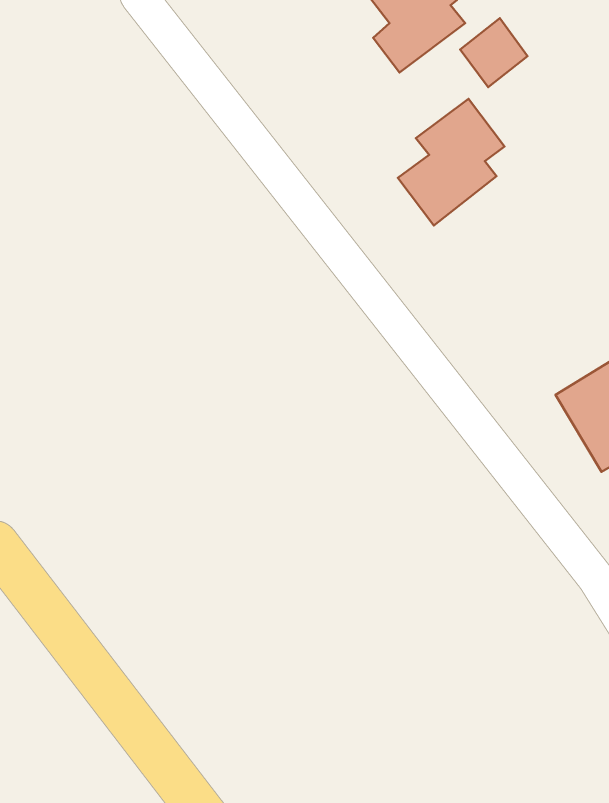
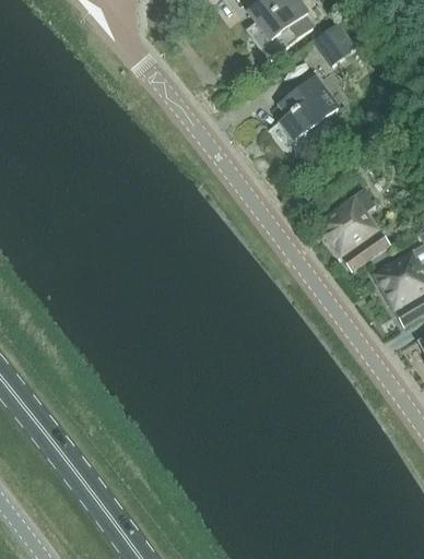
building: none -> [316,189,389,271]

